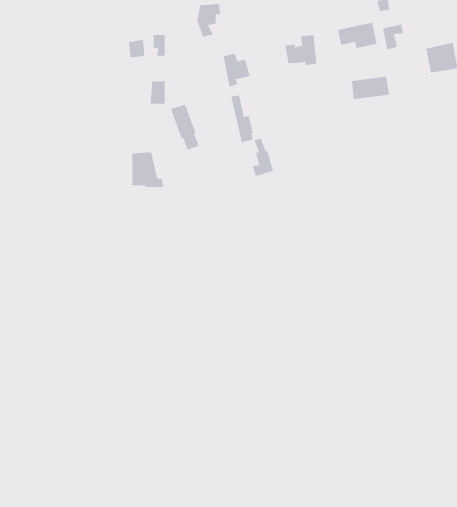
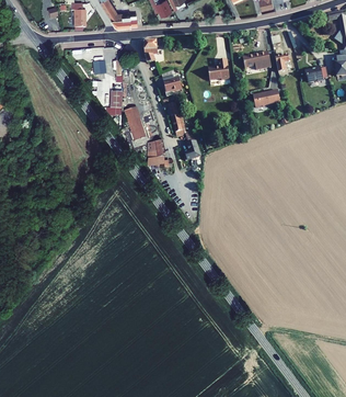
building: [132,152,164,187] -> [149,143,172,168]

